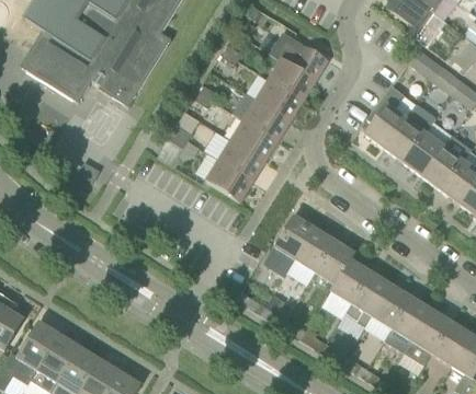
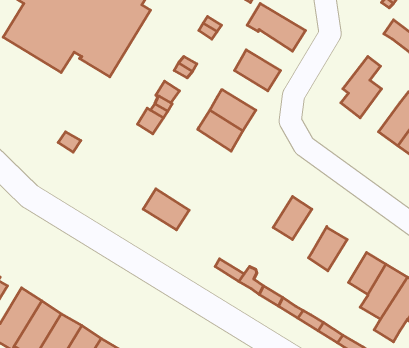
building: [268,58,315,100] -> none
building: [231,92,290,140] -> none
building: [384,118,424,162] -> none
building: [205,160,252,201] -> [143,189,189,230]
building: [269,215,315,270] -> none
building: [315,241,354,285] -> none
building: [343,271,390,327] -> none

